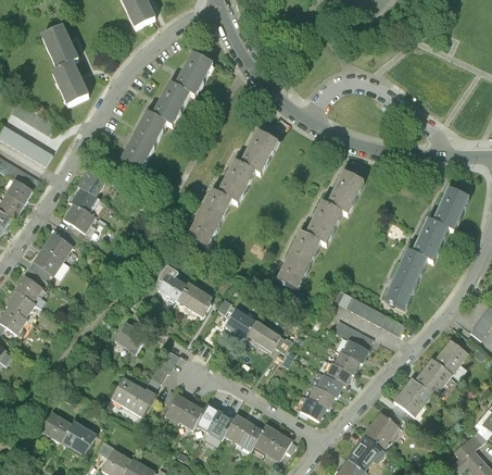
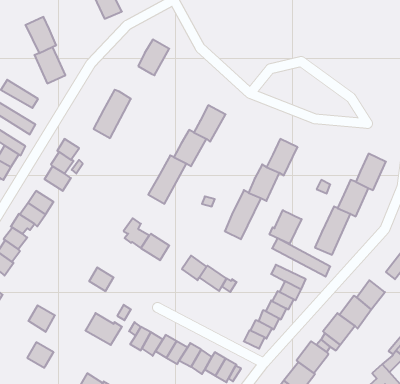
building: [151,82,189,125] -> none
building: none -> [270,210,302,244]
building: [63,423,94,454] -> [28,305,55,332]

